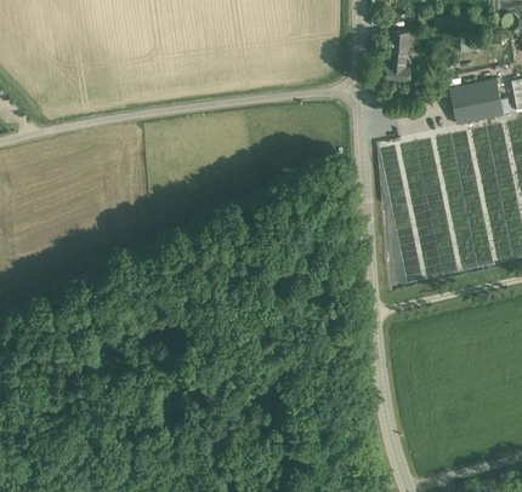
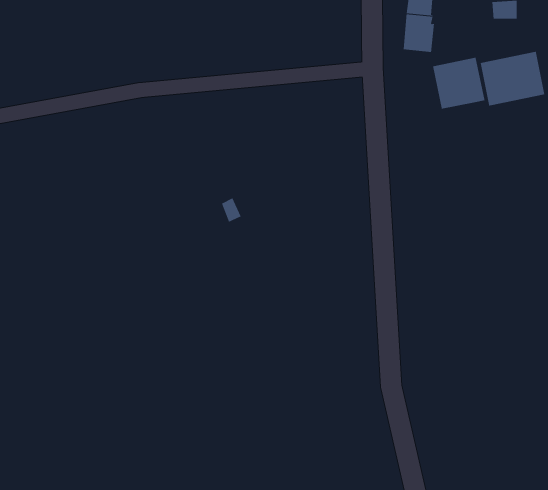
building: none -> [432,57,485,110]

